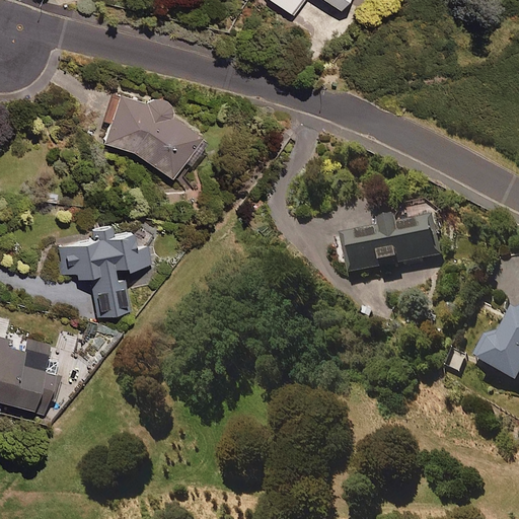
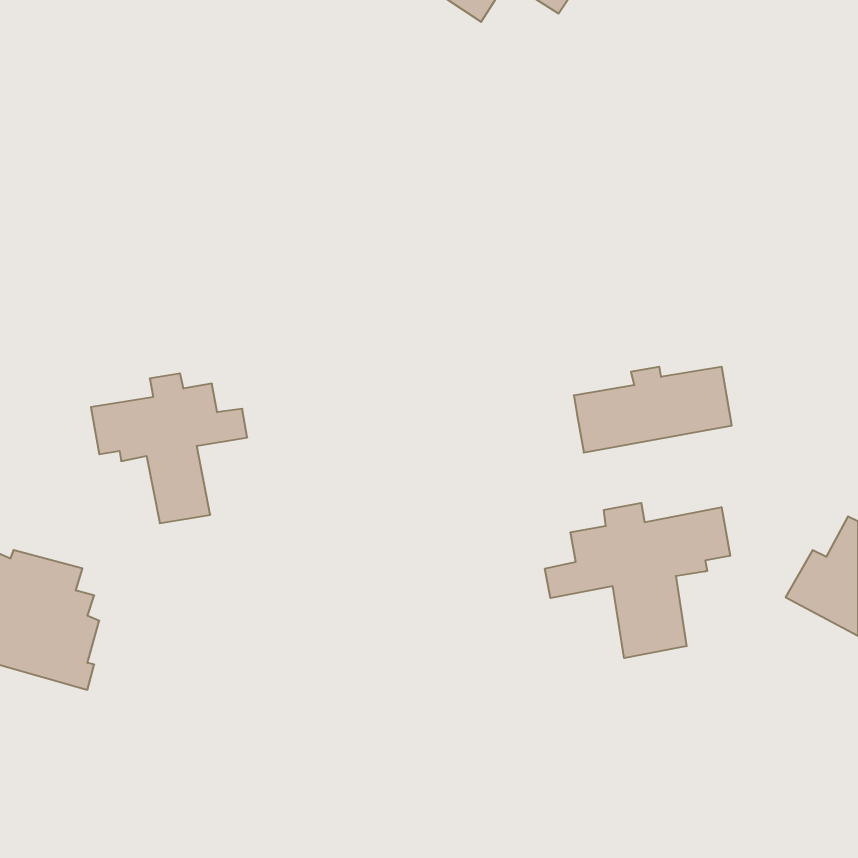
building: [99,92,203,176] -> none
building: none -> [545,503,730,658]

